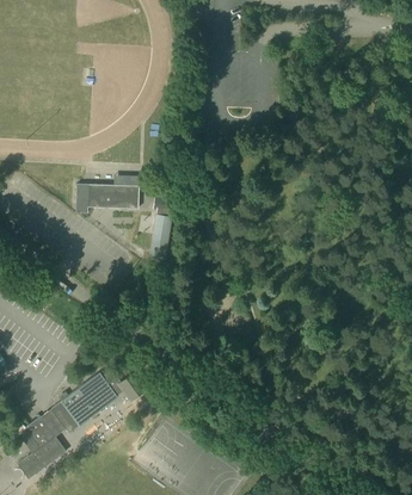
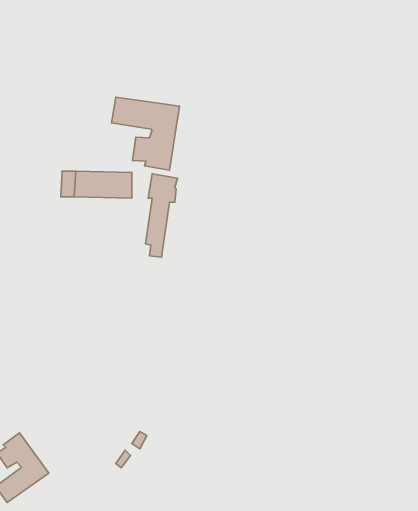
building: none -> [112,97,180,170]
building: [50,370,147,433] -> none

